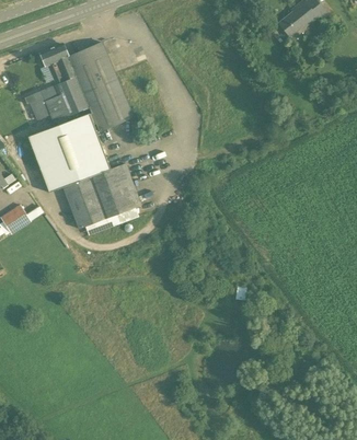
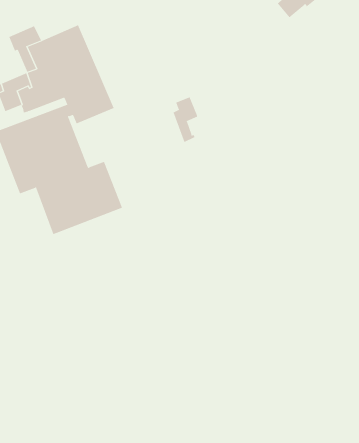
building: none -> [173,97,198,143]

